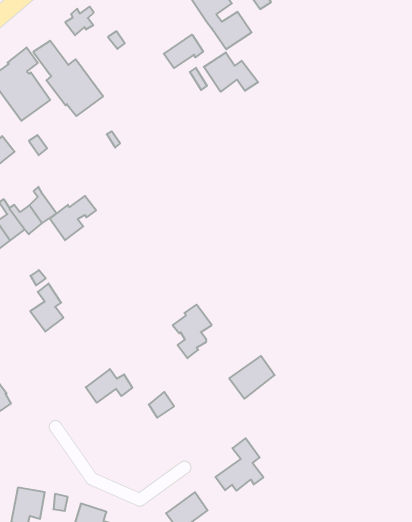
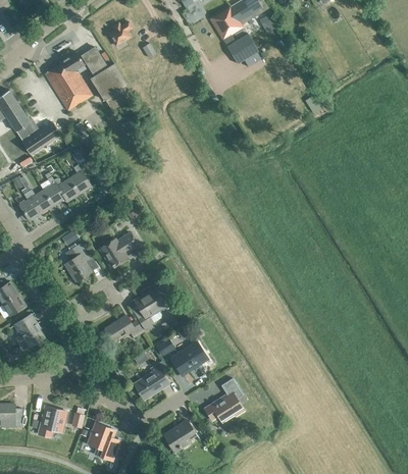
building: [164,35,203,68] -> none
building: [204,52,258,92] -> none
building: [50,196,96,240] -> [100,232,138,267]
building: [173,305,212,358] -> [135,287,166,330]
building: [229,356,275,399] -> [170,341,207,375]
building: none -> [135,365,168,399]

